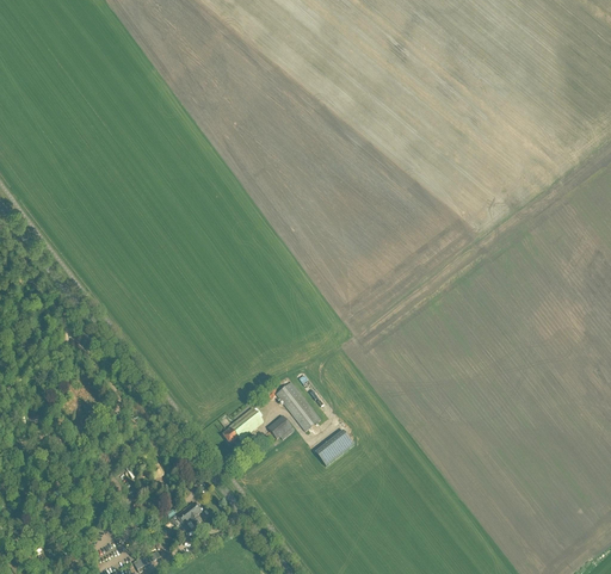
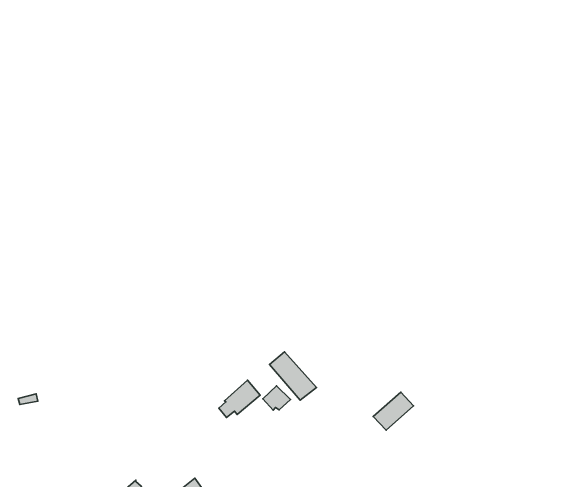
building: [314,428,354,465] -> [373,392,414,430]

